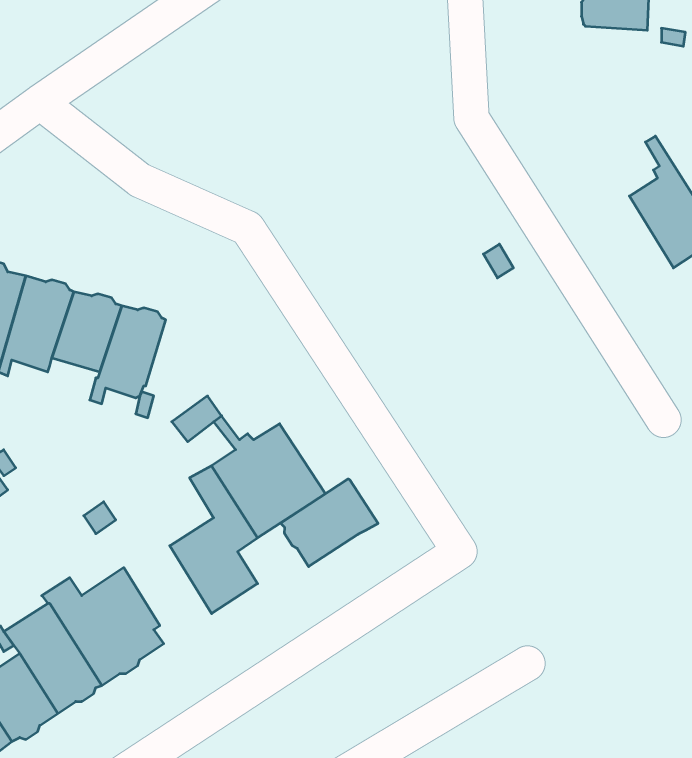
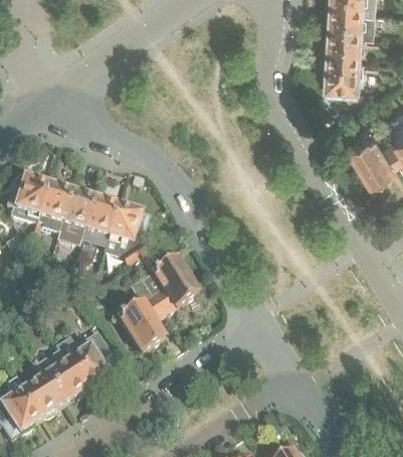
building: none -> [325,58,360,95]
building: none -> [108,206,149,248]
building: [280,479,378,567] -> none

